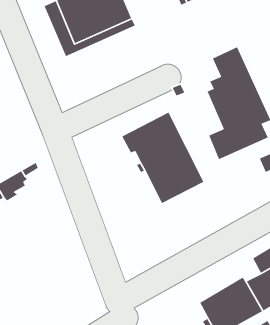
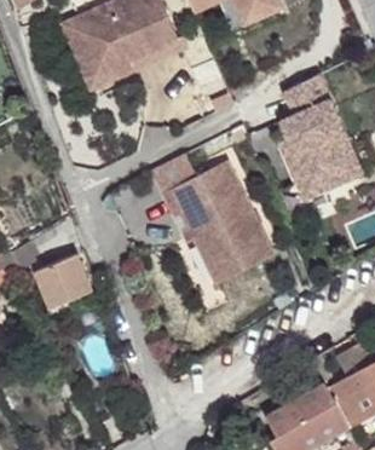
building: none -> [35,254,92,308]

